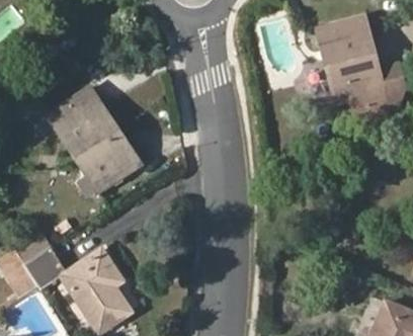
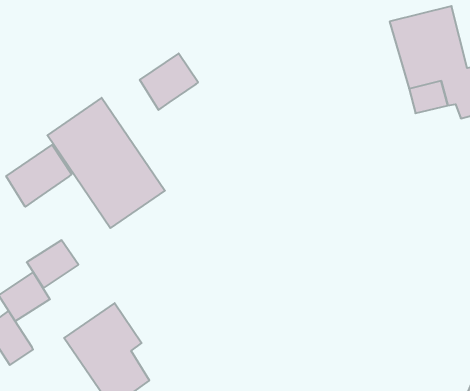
building: none -> [140,53,198,110]
building: none -> [6,145,72,207]
building: [23,247,64,284] -> [27,240,78,288]

